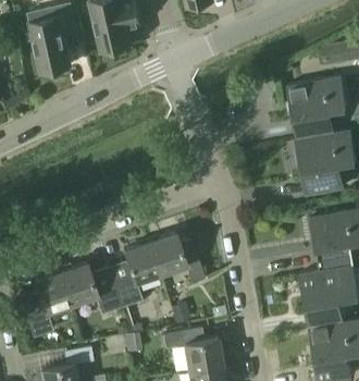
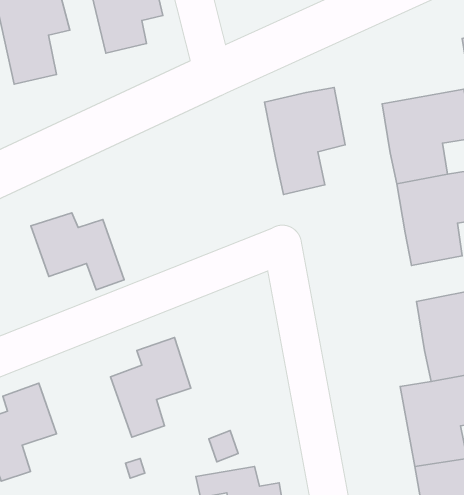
building: none -> [265,87,345,195]
building: [148,233,203,284] -> none
building: [58,263,120,315] -> [31,213,124,290]

